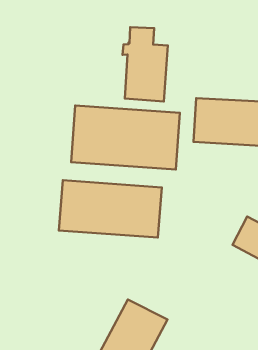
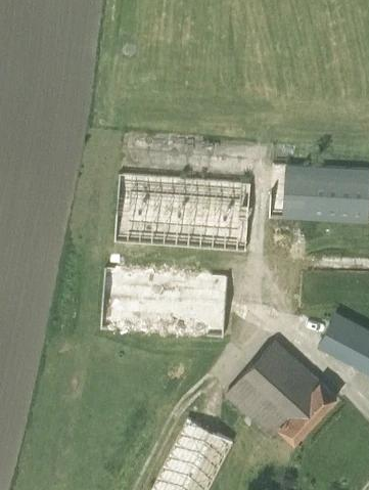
building: [123,27,168,101] -> none
building: none -> [225,339,337,443]

